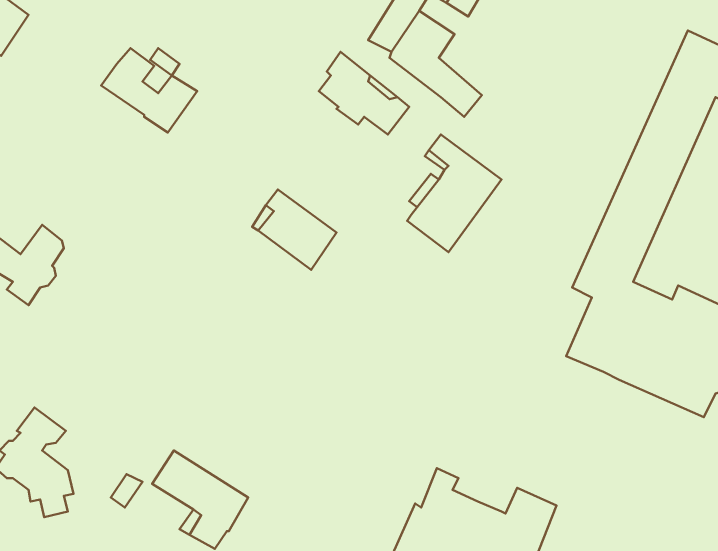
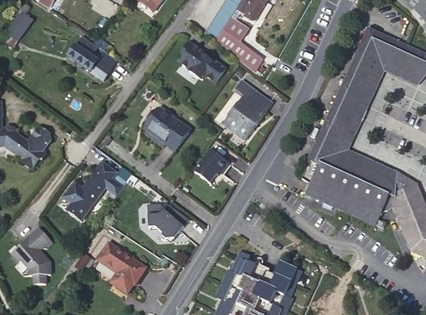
building: none -> [195,148,229,186]
building: none -> [63,160,125,219]
building: none -> [148,201,189,240]

